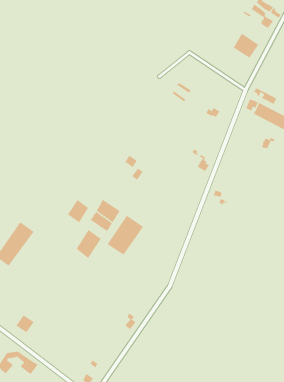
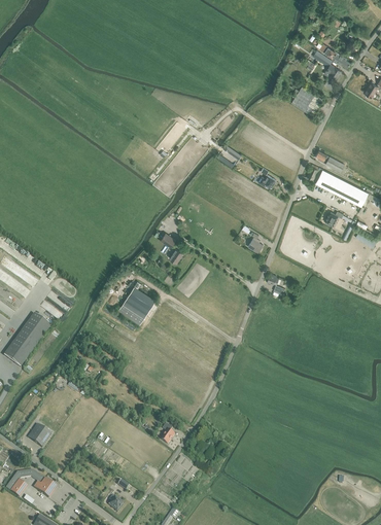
building: [67,199,89,223] -> none
building: [107,215,144,255] -> none
building: [76,229,102,259] -> none

